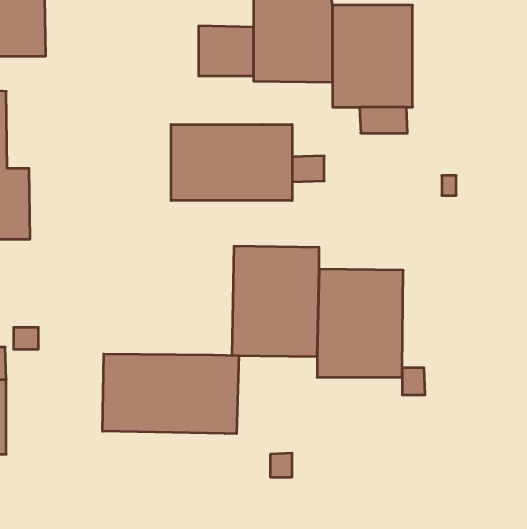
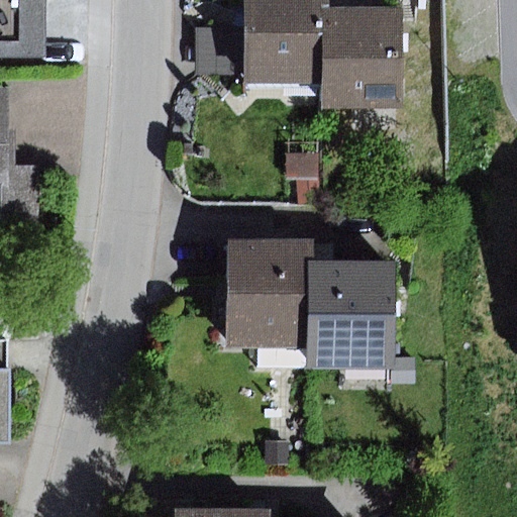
building: [171,124,292,201] -> none
building: [103,354,239,434] -> none

